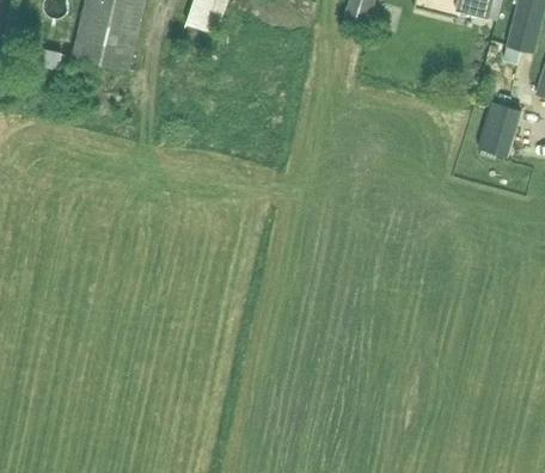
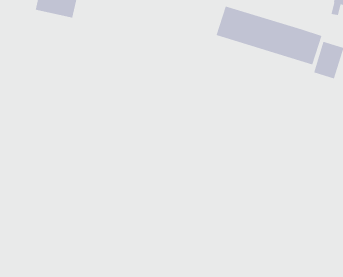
building: none -> [216,5,323,66]

